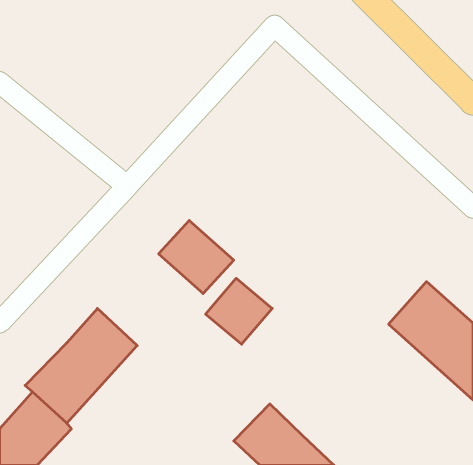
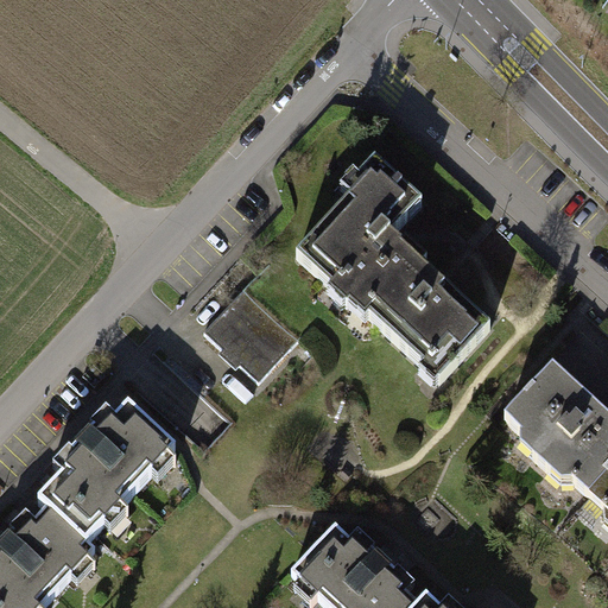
building: none -> [297,165,490,380]
building: [206,278,272,344] -> none

